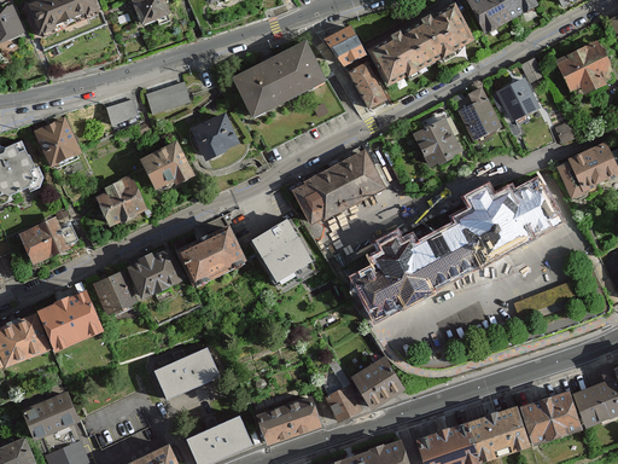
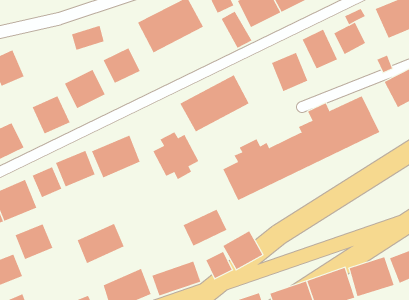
building: [105,98,140,127] -> none
building: none -> [183,209,227,246]
building: none -> [15,223,53,260]

